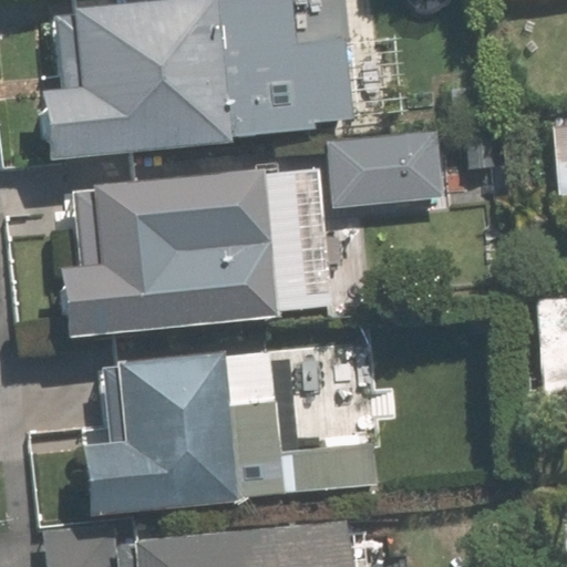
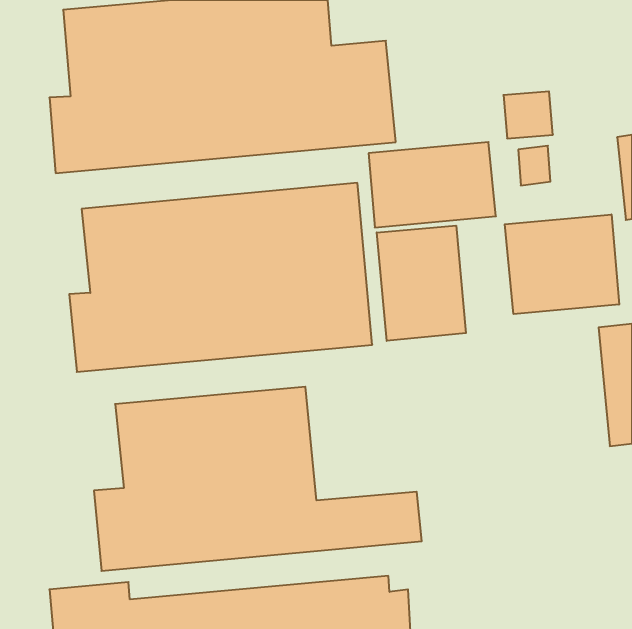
building: none -> [505,214,619,314]
building: none -> [377,226,466,341]

